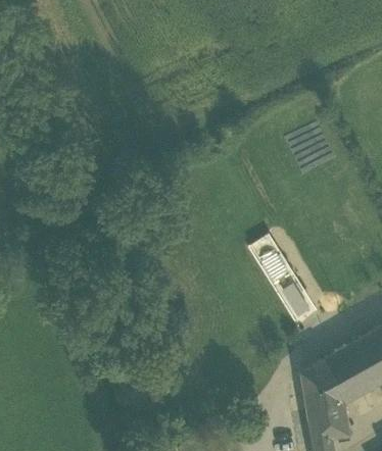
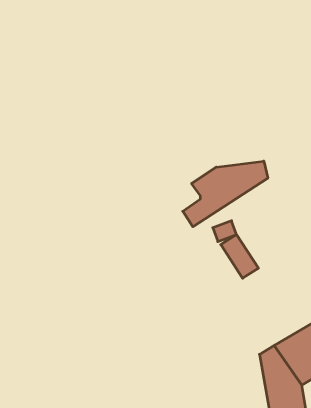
building: none -> [183,161,268,227]

